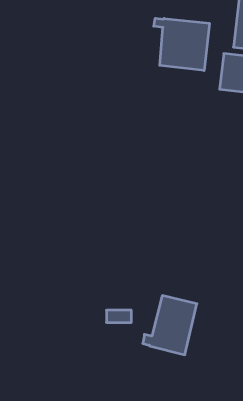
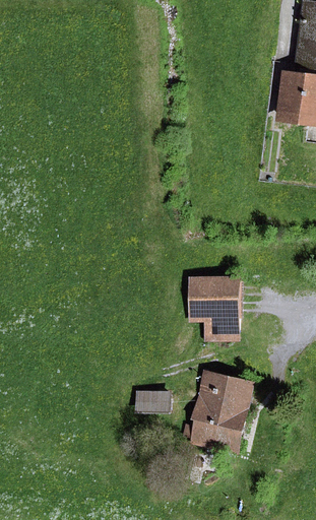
building: [154,18,209,71] -> none
building: none -> [190,276,235,328]

